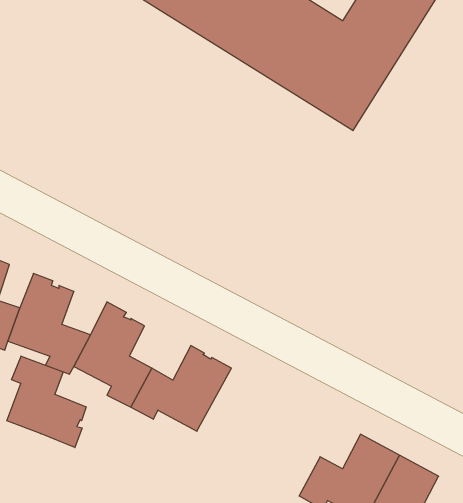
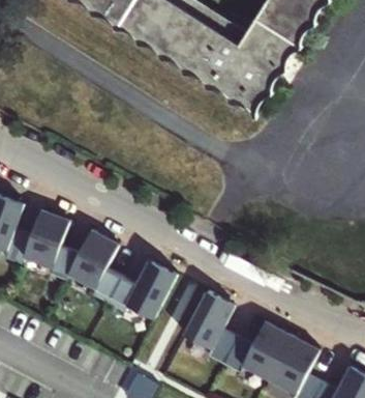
building: [7,356,86,448] -> none
building: none -> [182,290,236,363]

